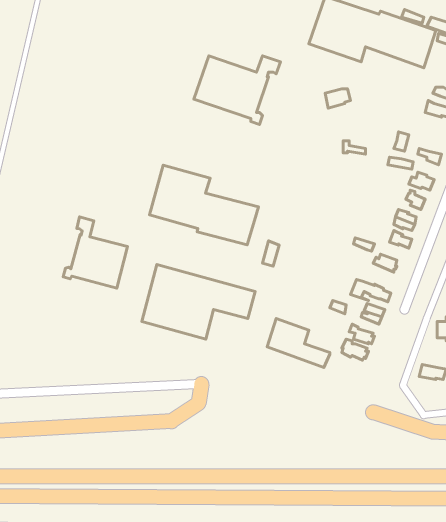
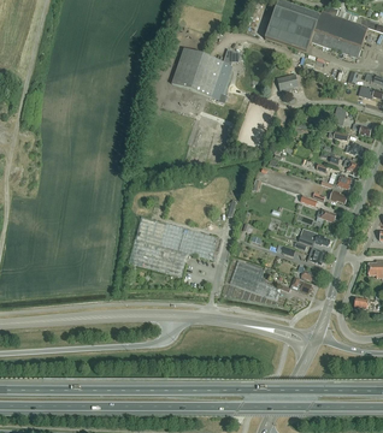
building: [150,165,258,245] -> none
building: [63,217,128,288] -> none

